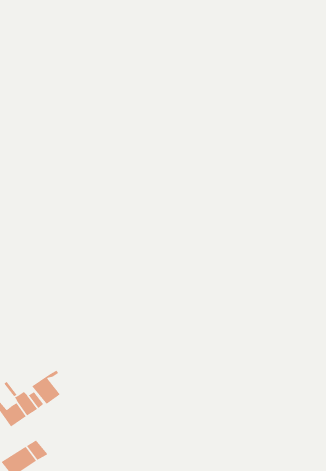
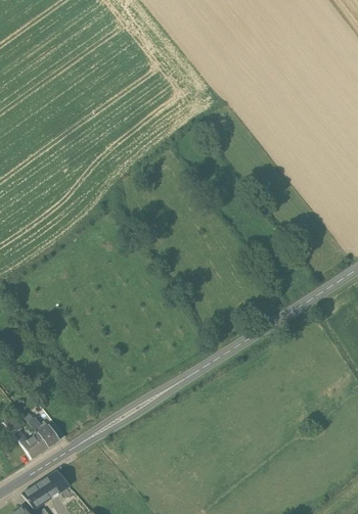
building: [31,370,61,405] -> none

